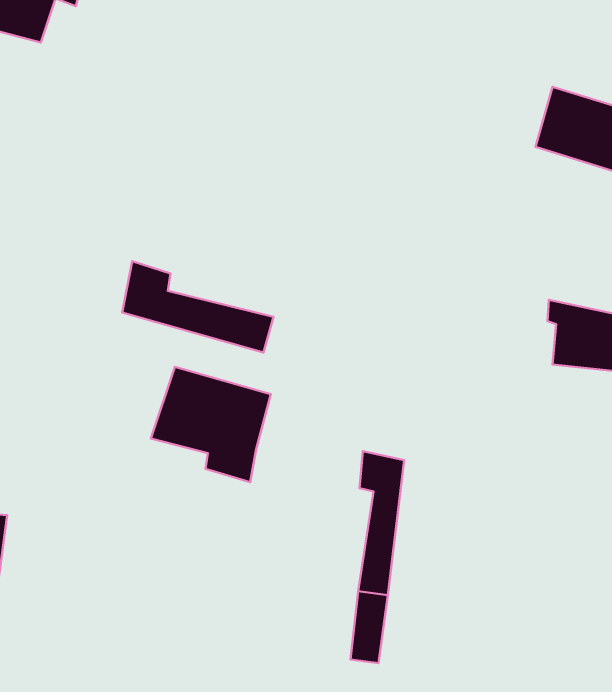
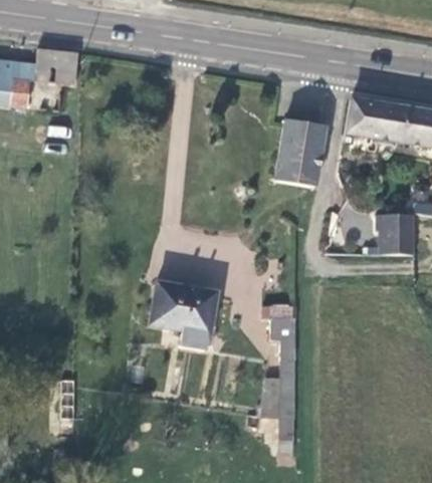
building: none -> [275,120,320,184]
building: [122,261,273,353] -> none

